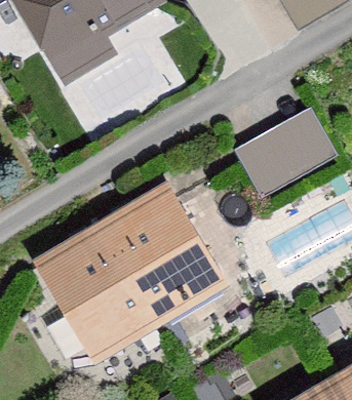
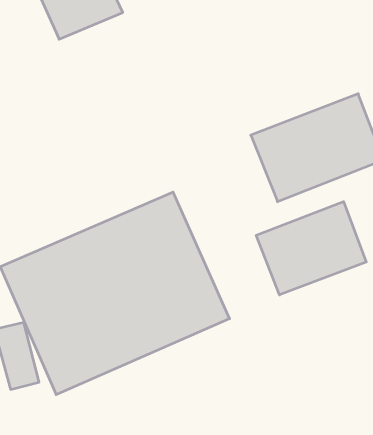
building: none -> [256,202,366,295]

